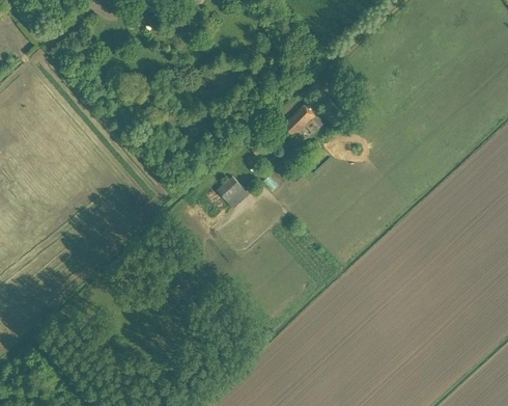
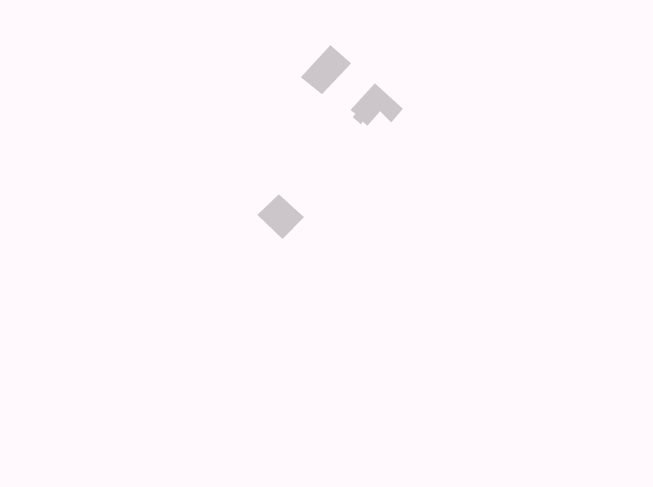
building: none -> [300,44,352,95]

